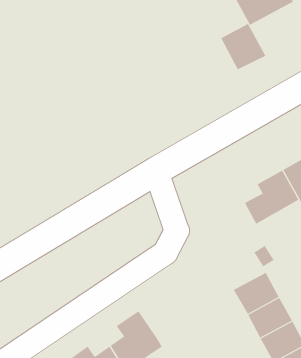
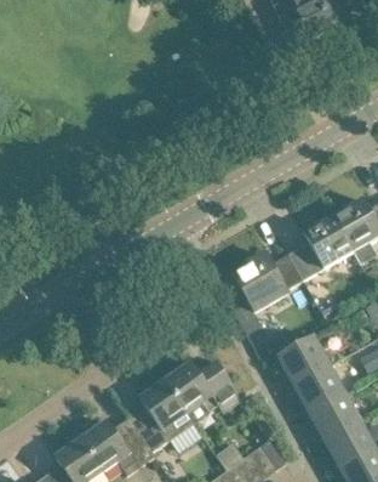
building: [221,23,266,70] -> none
building: none -> [227,253,303,319]
building: none -> [166,358,237,421]

